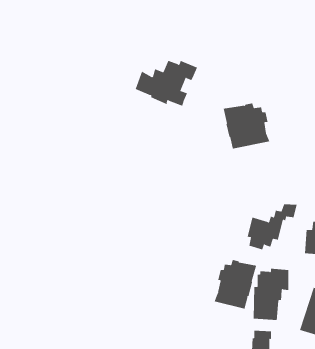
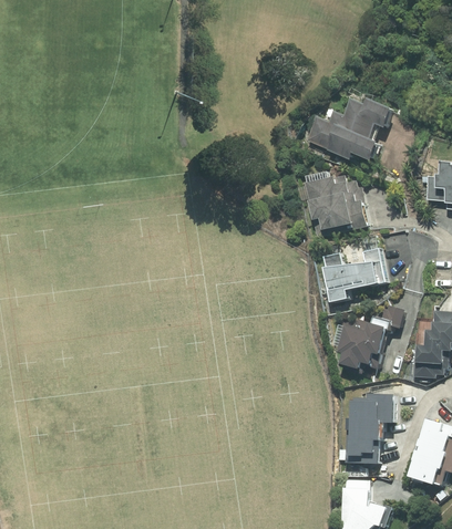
building: [135,60,198,106] -> [307,100,391,162]
building: none -> [322,248,387,302]
building: [214,259,257,309] -> none

